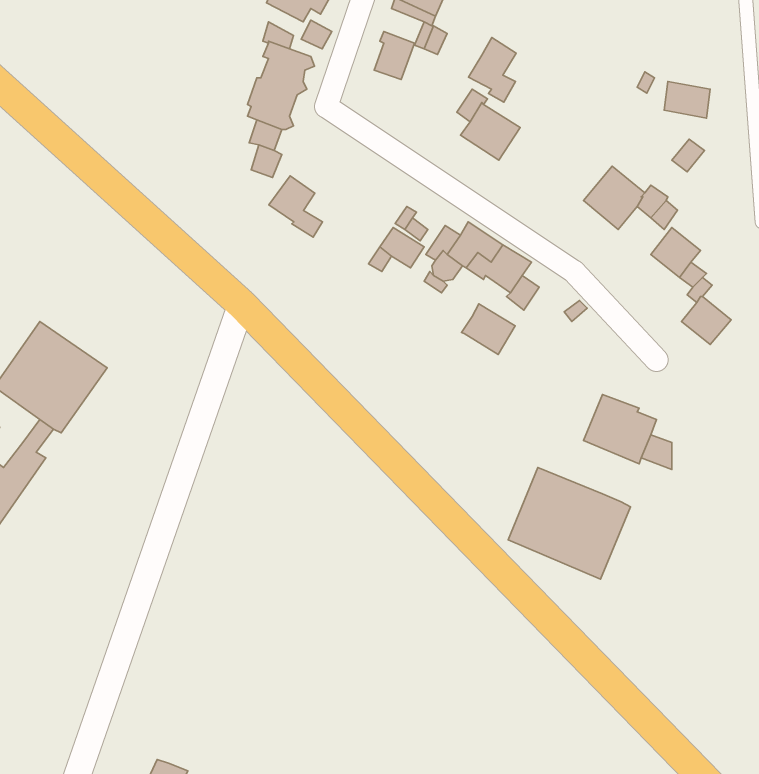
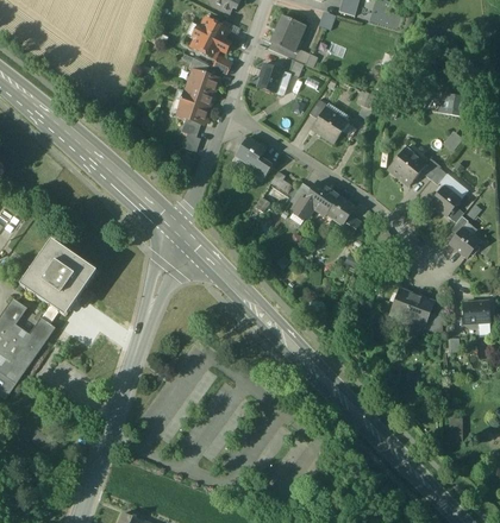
building: [468,37,516,102] -> none
building: [269,176,323,237] -> [237,137,270,175]
building: [462,304,515,354] -> none
building: none -> [464,300,490,322]
building: [508,467,630,579] -> none

